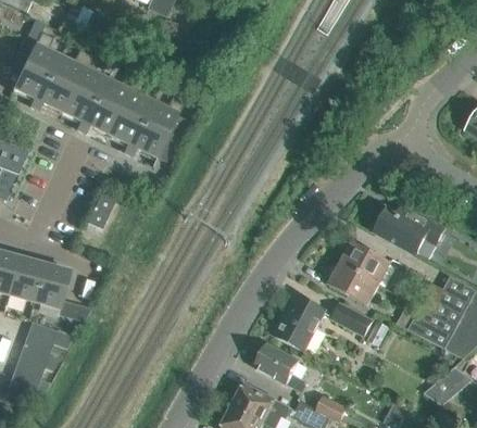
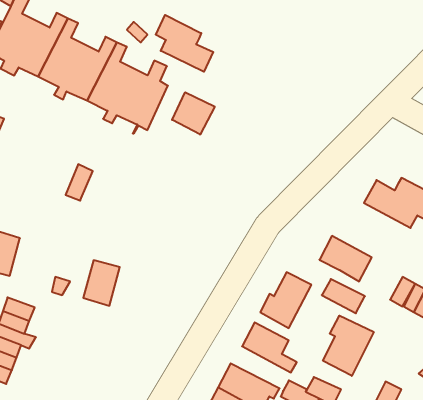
building: none -> [156,15,213,72]
building: none -> [172,92,215,135]
building: [341,241,391,282] -> none
building: [34,264,68,307] -> [83,260,120,306]
building: none -> [323,316,374,376]

